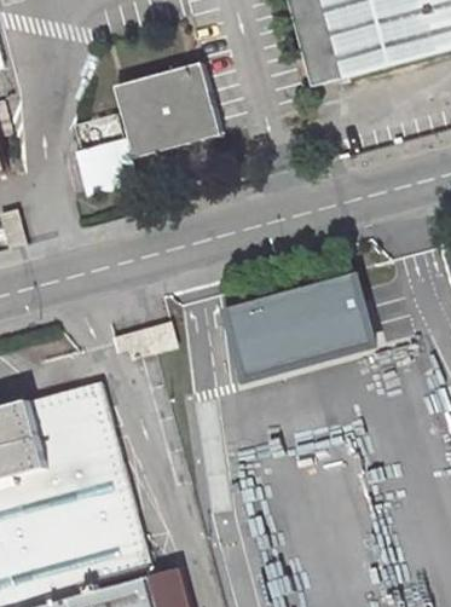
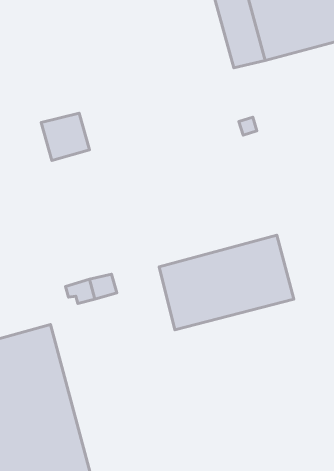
building: [121,56,227,152] -> none

